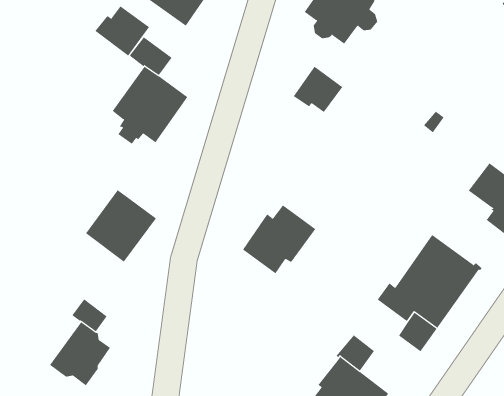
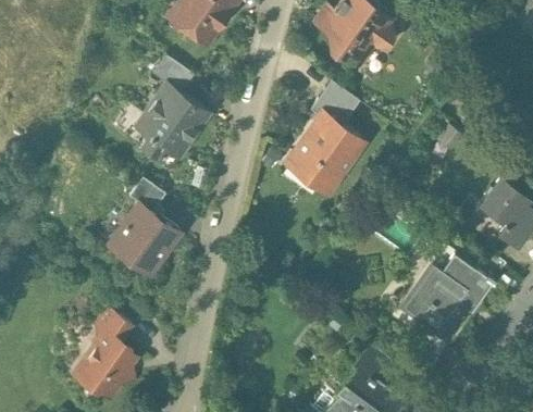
building: [95,5,150,57] -> none
building: none -> [128,178,165,212]
building: [242,204,316,274] -> [289,121,361,188]

